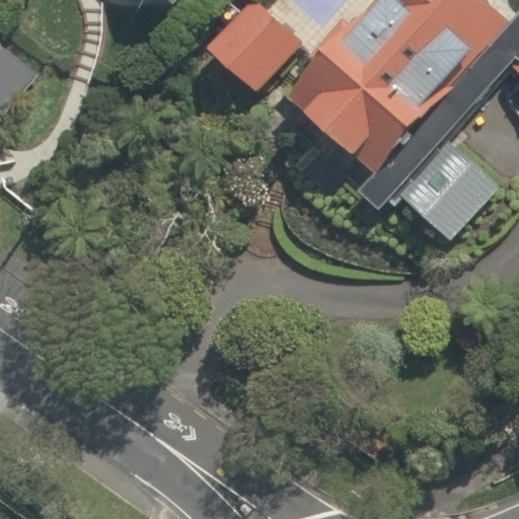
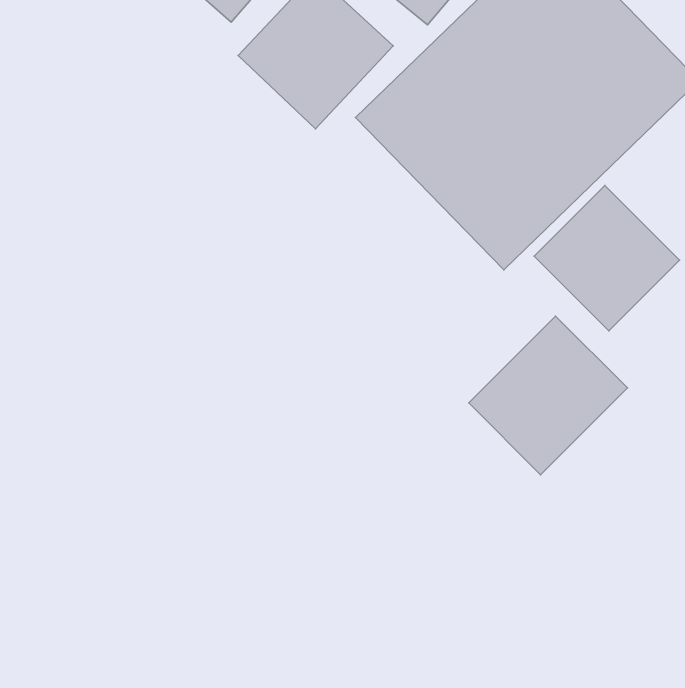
building: none -> [469,316,627,475]

